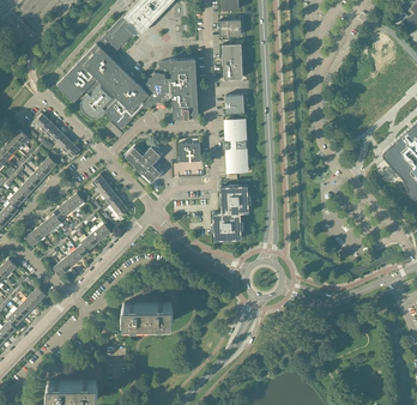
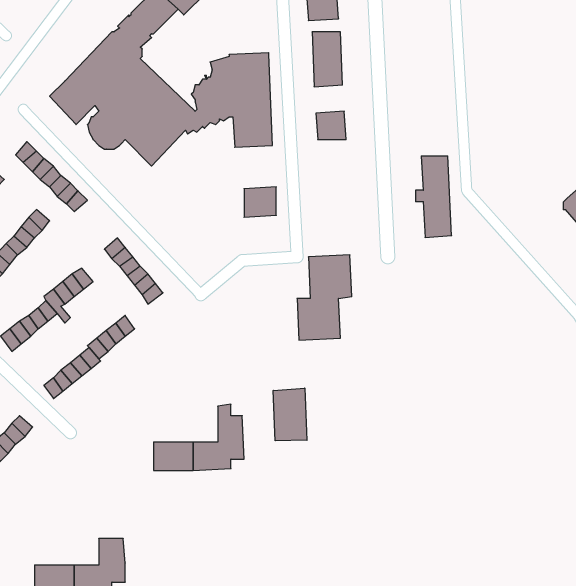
building: [223,120,246,171] -> [416,156,452,237]
building: [125,146,161,182] -> none
building: none -> [273,388,307,441]

